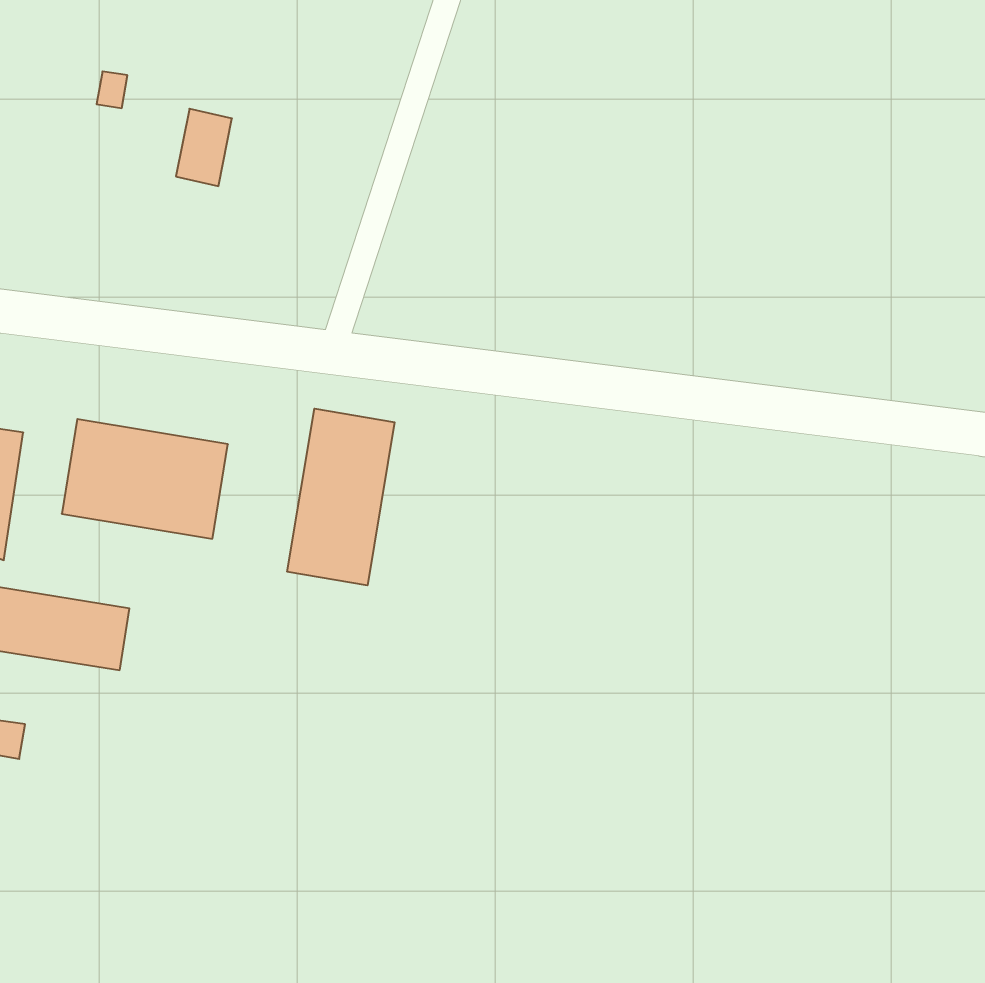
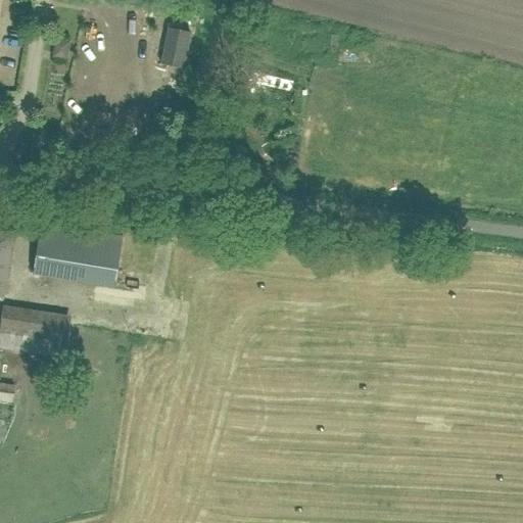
building: [176,109,232,186] -> [159,27,189,67]
building: [287,409,395,585] -> none

